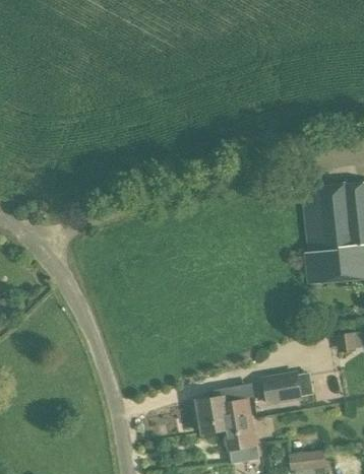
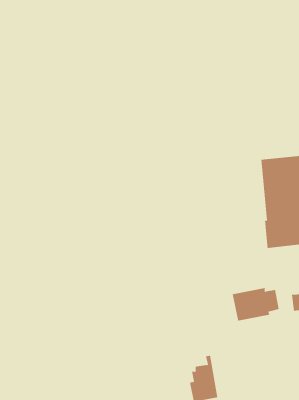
building: [261,369,313,406] -> [232,288,280,321]
building: [197,396,244,432] -> none

